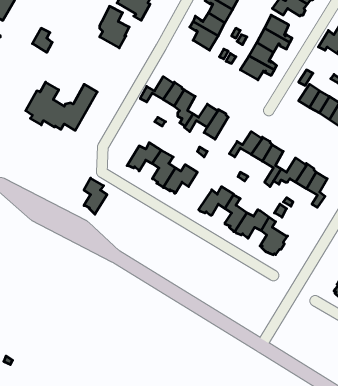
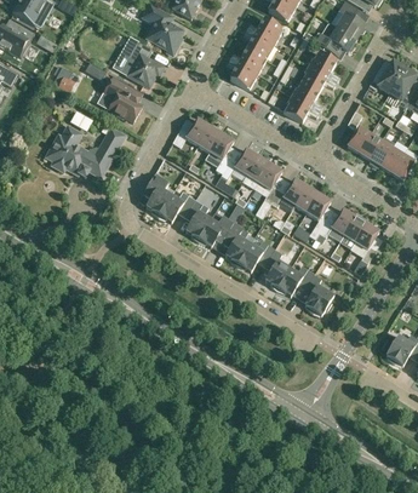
building: none -> [104,78,142,122]
building: none -> [254,164,281,203]
building: none -> [225,224,251,265]
building: [84,178,107,214] -> [145,177,171,217]

